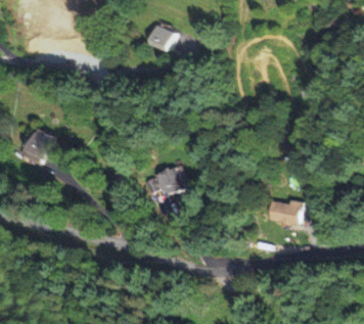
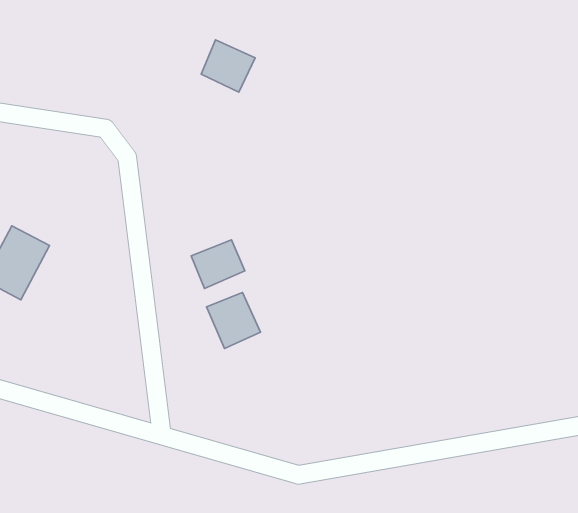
building: none -> [191,240,245,288]
building: [268,199,306,226] -> none

